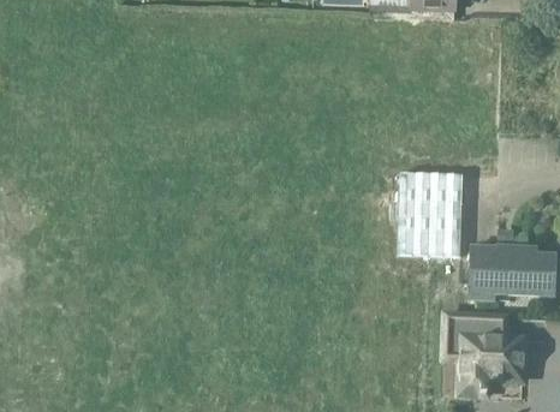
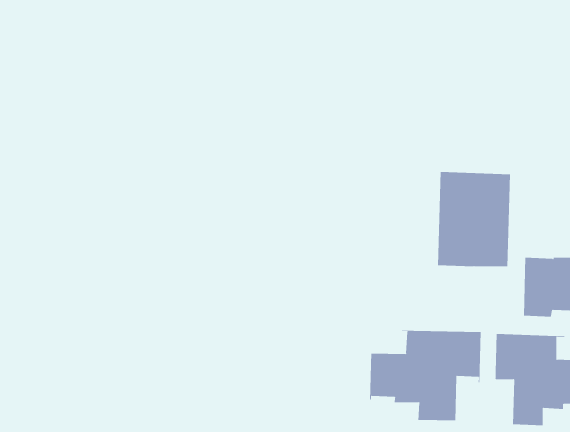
building: none -> [370,330,481,421]

